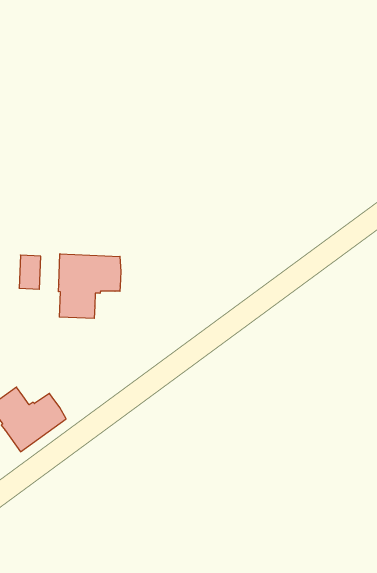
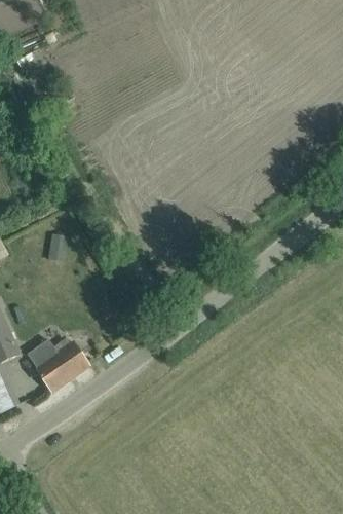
building: [58,254,121,318] -> none

